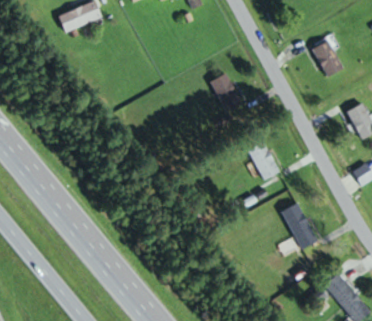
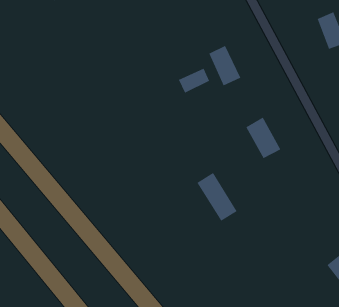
building: none -> [178,68,210,93]
building: [280,202,319,249] -> [197,172,238,222]

